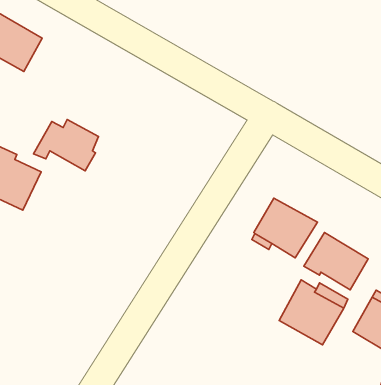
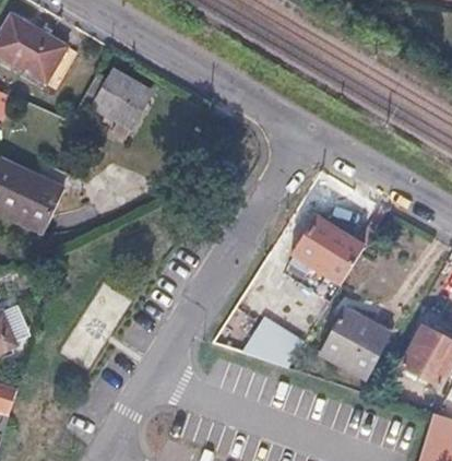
building: [34,119,98,171] -> [75,72,145,128]
building: [304,233,368,290] -> none
building: none -> [245,315,305,366]

